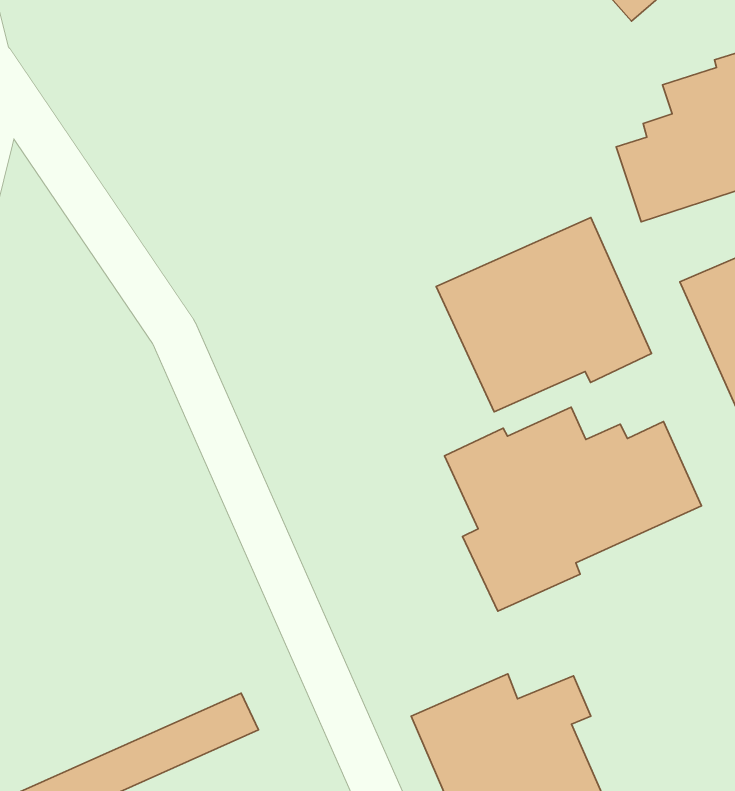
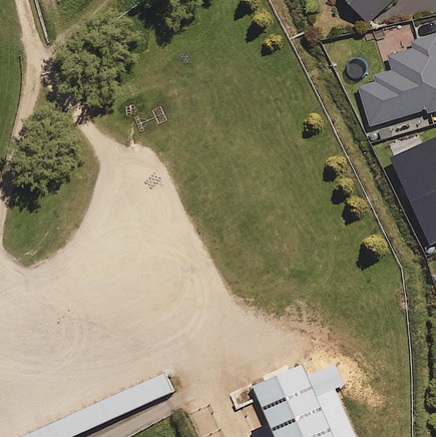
building: [436,217,652,412] -> none
building: [445,407,701,611] -> none

